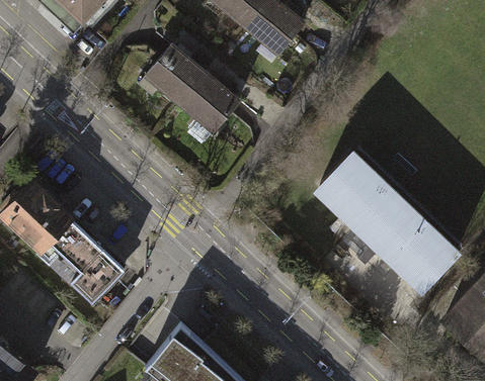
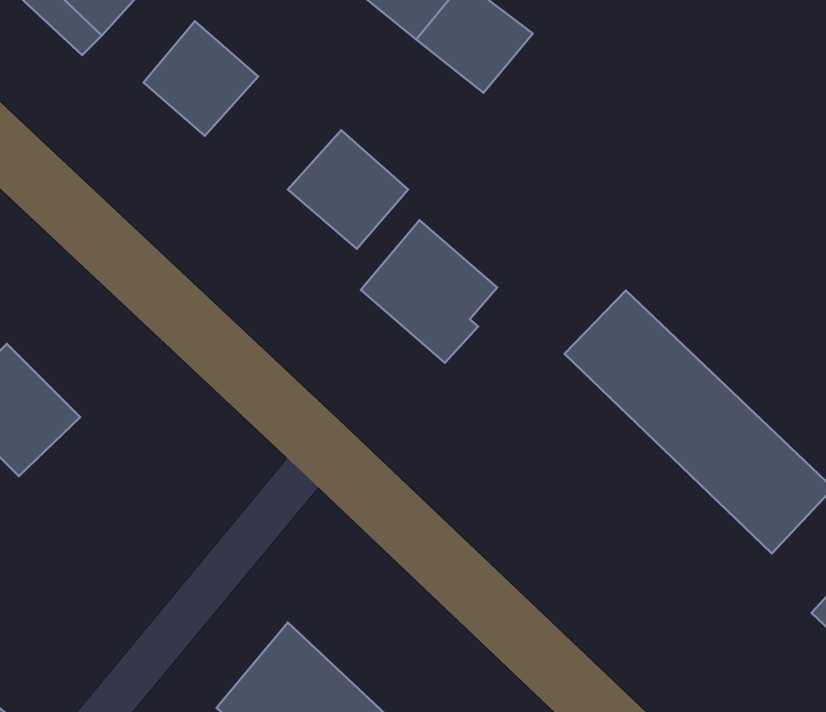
building: [146,43,205,102] -> [144,21,258,136]
building: none -> [361,220,497,363]
building: [36,218,125,302] -> none

